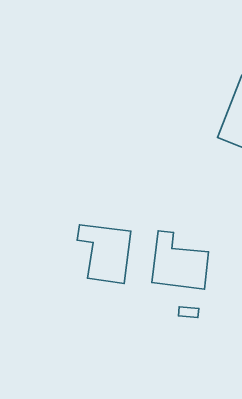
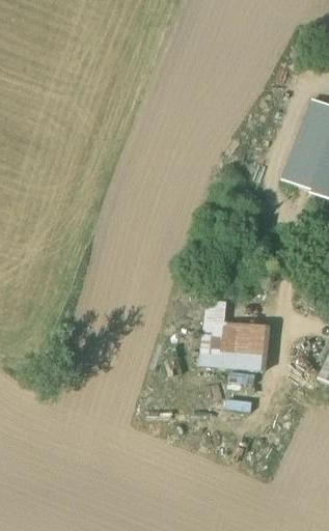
building: [77,225,131,283] -> none

